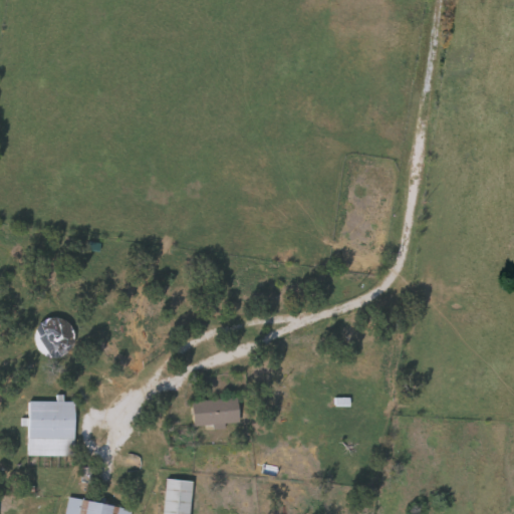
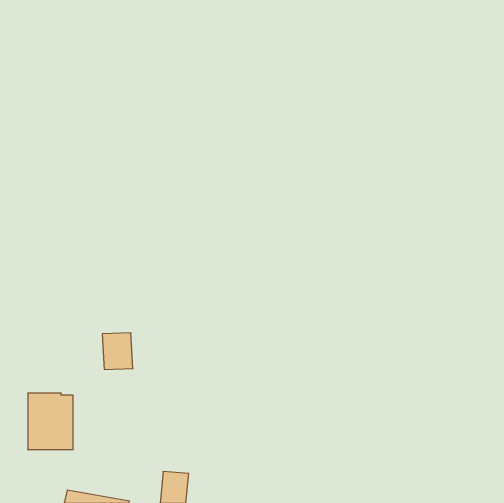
building: [39,318,70,355] -> [102,333,133,369]
building: [193,399,239,427] -> none

